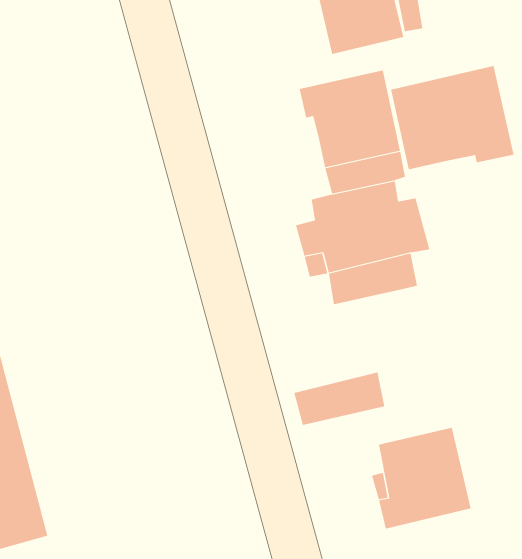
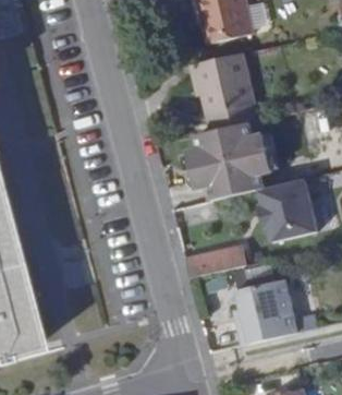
building: [391,65,514,170] -> none
building: none -> [261,178,320,241]

